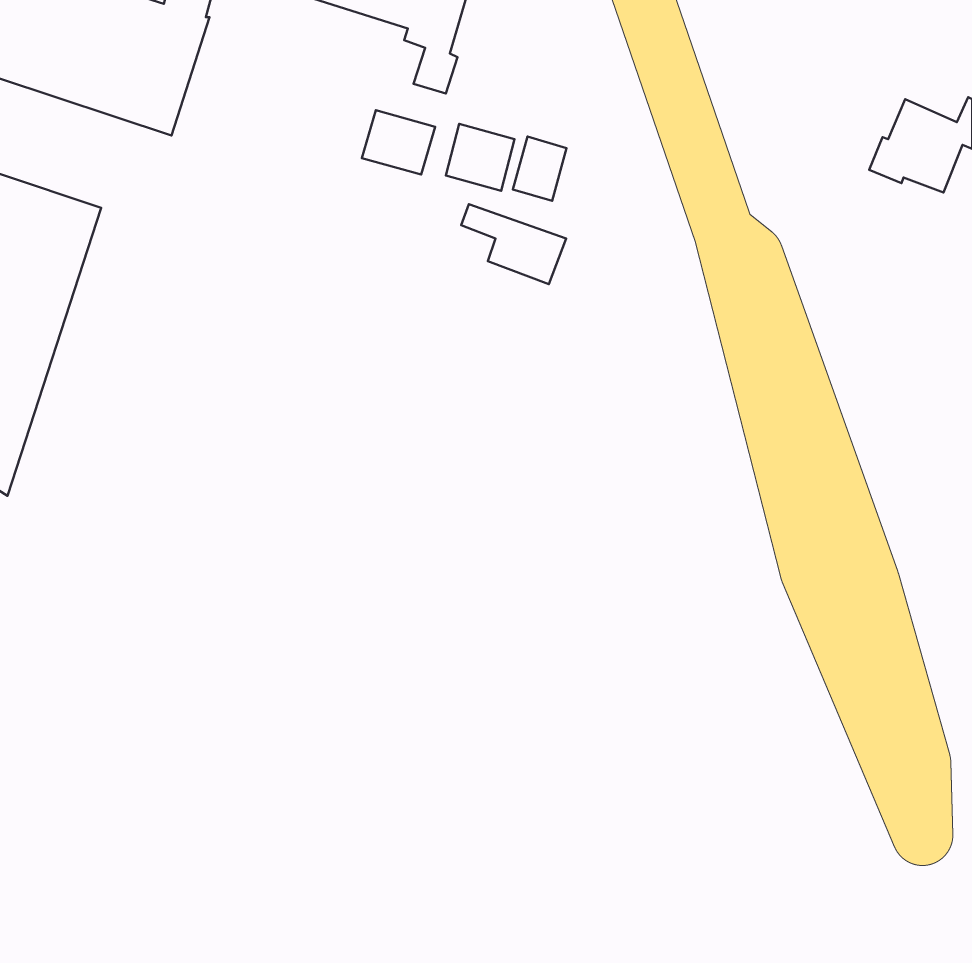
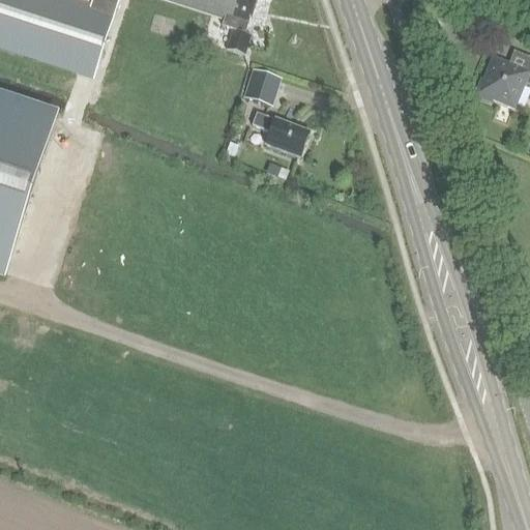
building: [362,110,435,175] -> none
building: [513,136,567,201] -> none

